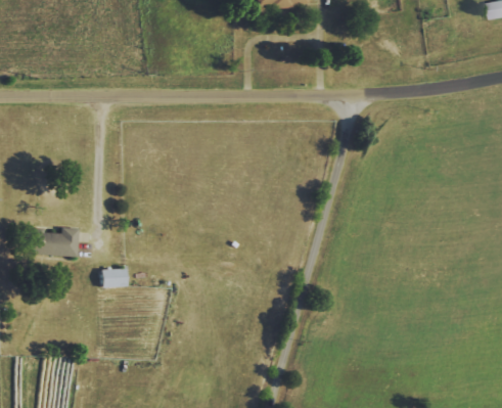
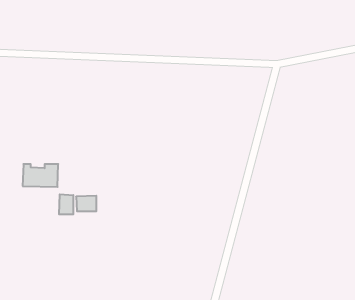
building: none -> [59,194,73,214]

